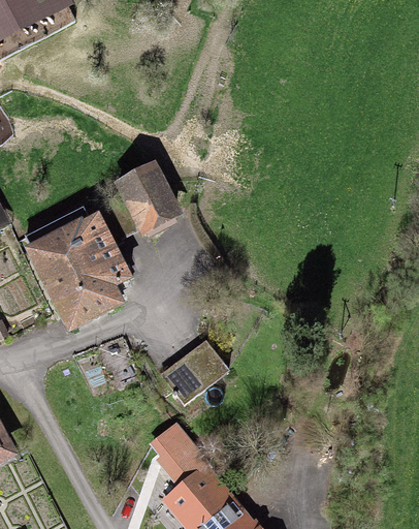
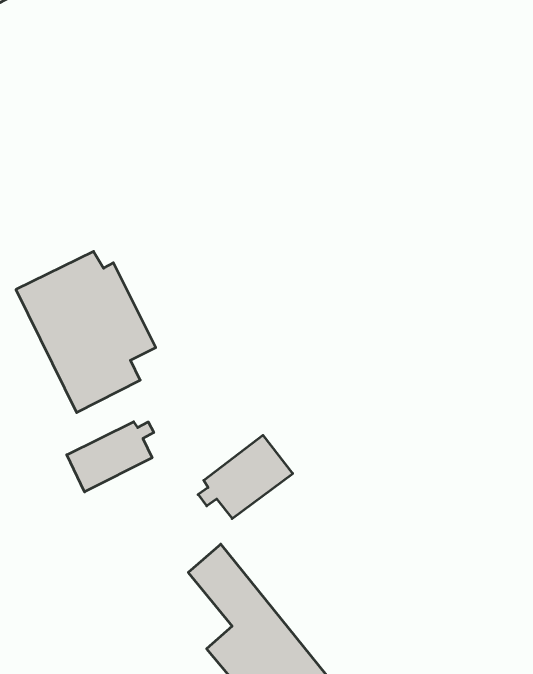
building: [119,168,175,230] -> none
building: none -> [67,422,154,492]

